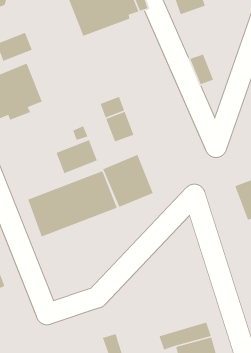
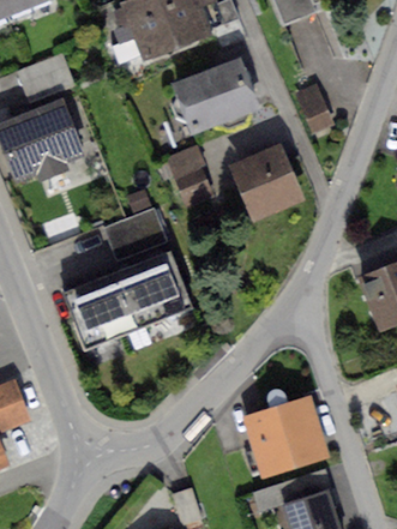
building: none -> [173,58,259,134]
building: [102,154,154,208] -> [229,144,303,222]
building: none -> [243,402,324,479]

